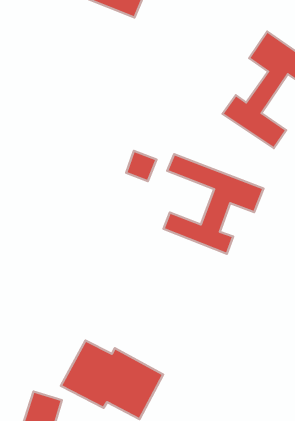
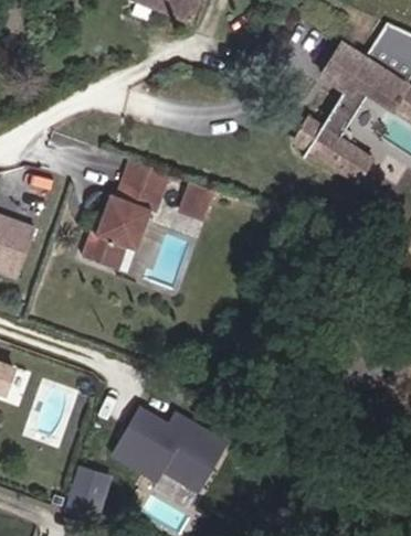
building: none -> [80,159,173,275]
building: [164,154,264,254] -> none

